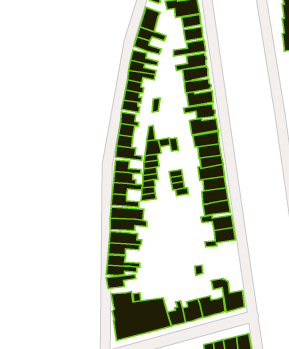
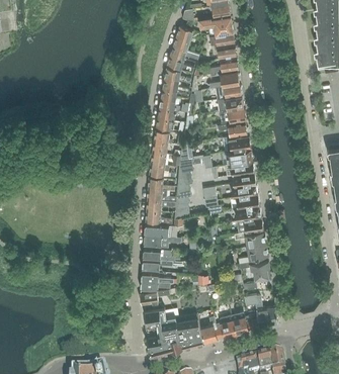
building: none -> [239,261,271,281]

